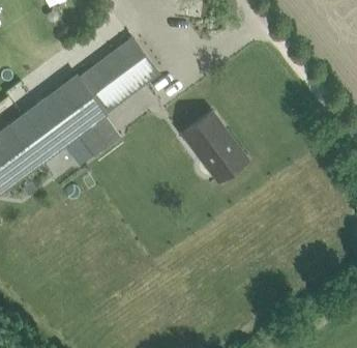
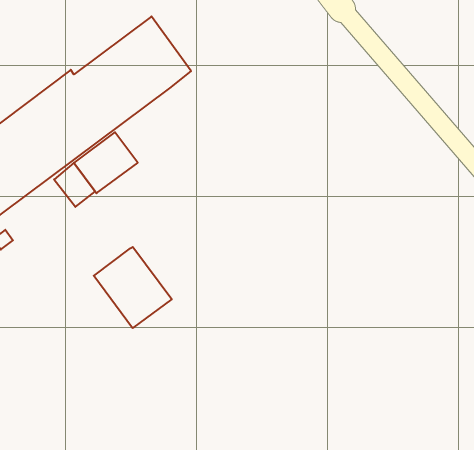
building: [184,112,246,179] -> none
building: none -> [94,247,172,328]

